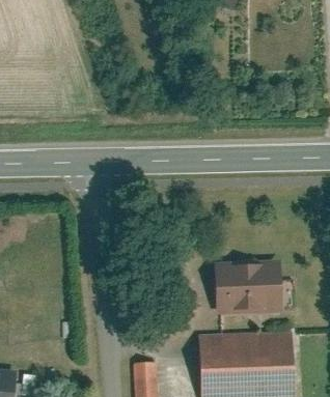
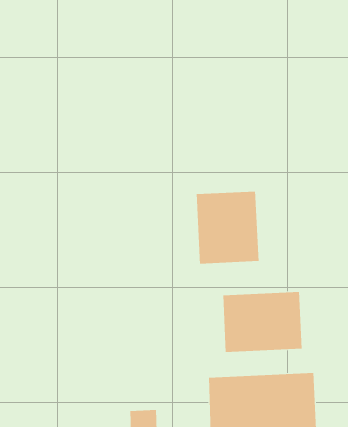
building: none -> [196,191,259,264]

